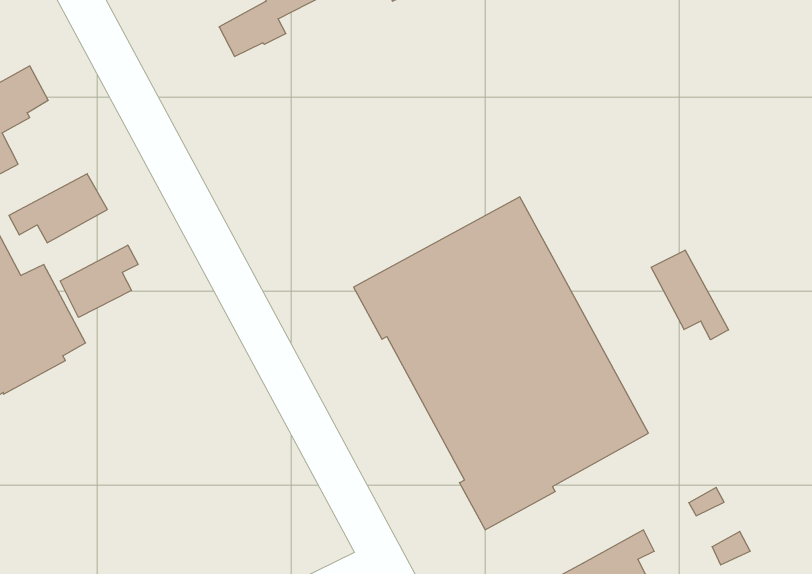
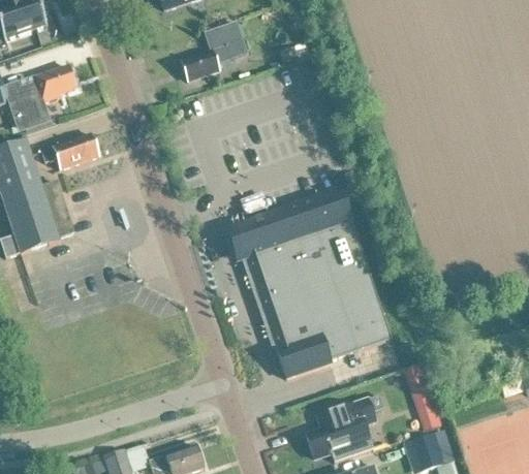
building: [60,245,138,317] -> none
building: [651,250,729,340] -> none

